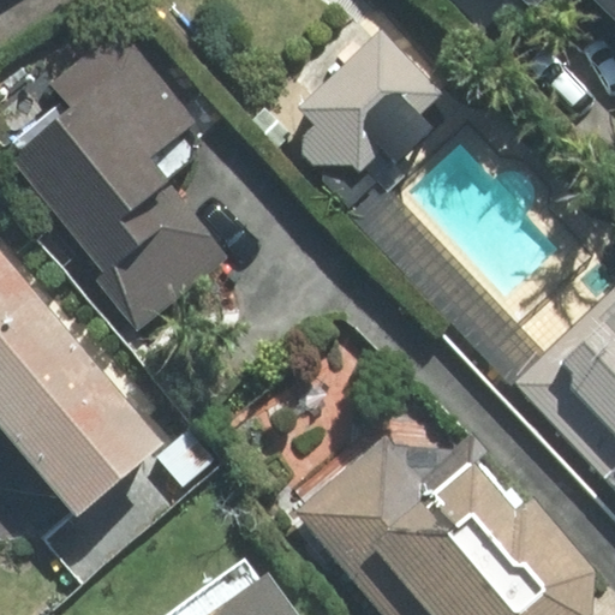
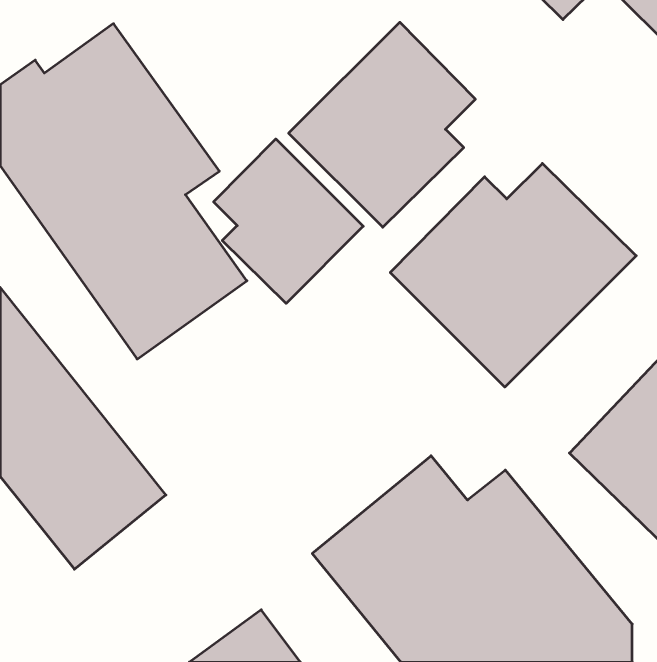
building: none -> [214,139,363,303]
building: none -> [390,163,636,387]

